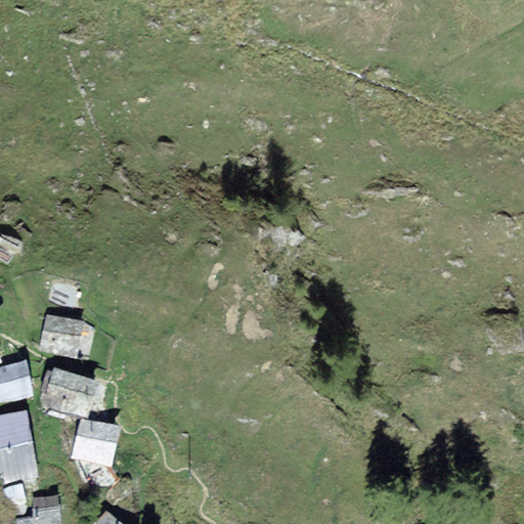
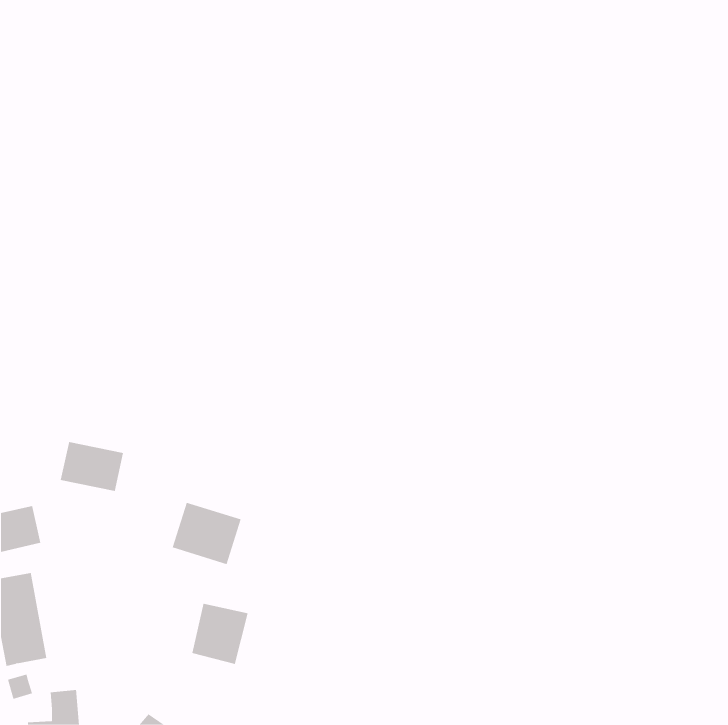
building: [45,367,95,412] -> [172,502,242,565]
building: [75,419,116,463] -> [191,603,248,664]

